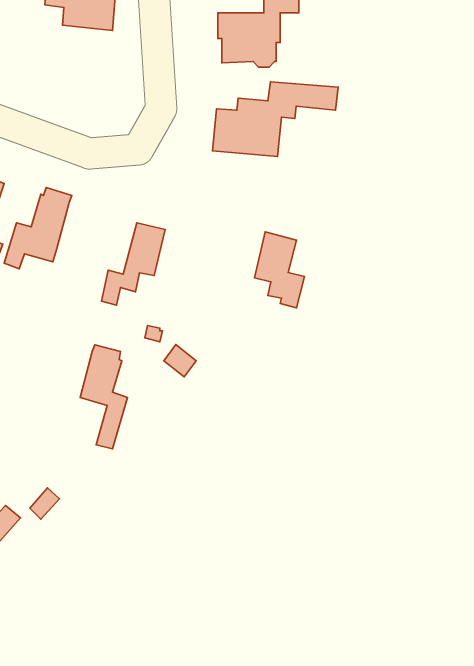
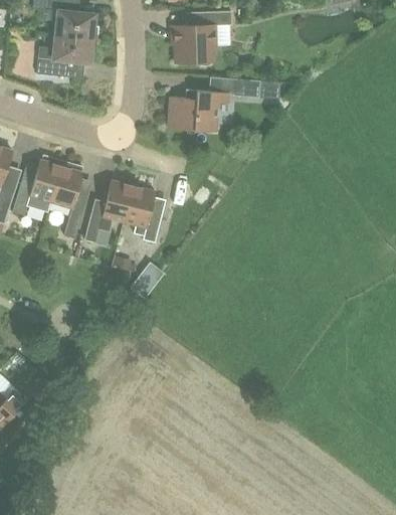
building: none -> [36,33,92,75]
building: [254,232,304,308] -> [124,185,161,241]
building: [80,345,127,449] -> [51,160,86,237]

